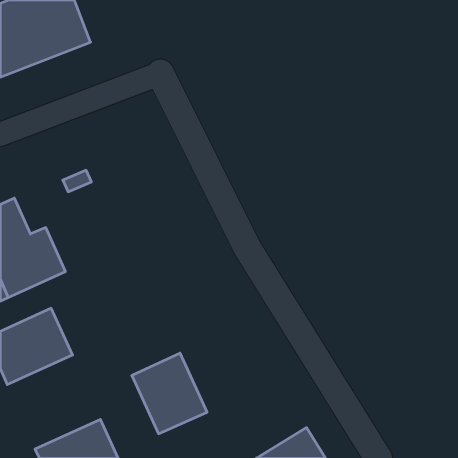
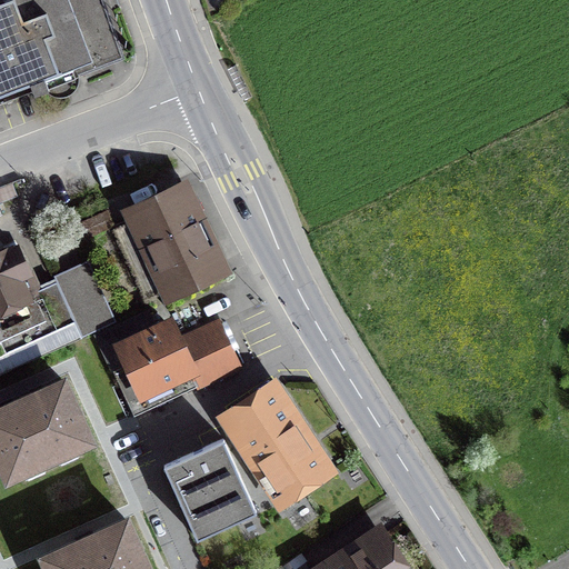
building: none -> [136,191,217,290]
building: none -> [57,269,110,337]
building: none -> [99,313,237,412]
building: none -> [230,391,322,496]

